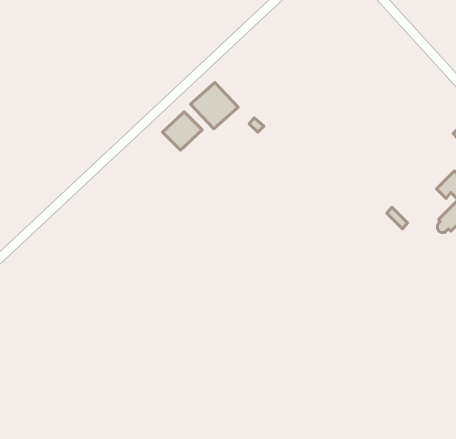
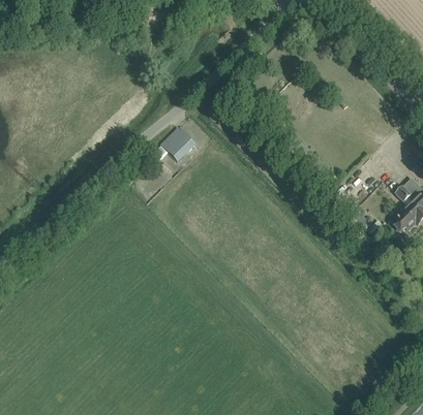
building: [191,82,238,129] -> none

